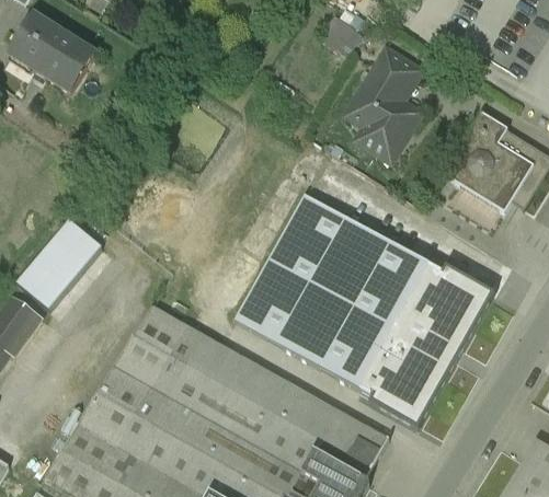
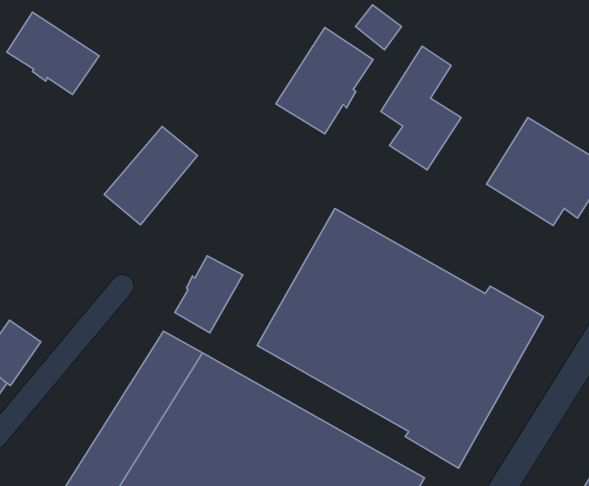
building: none -> [276,28,373,134]
building: [16,219,101,308] -> [104,126,197,225]
building: none -> [175,256,243,333]

